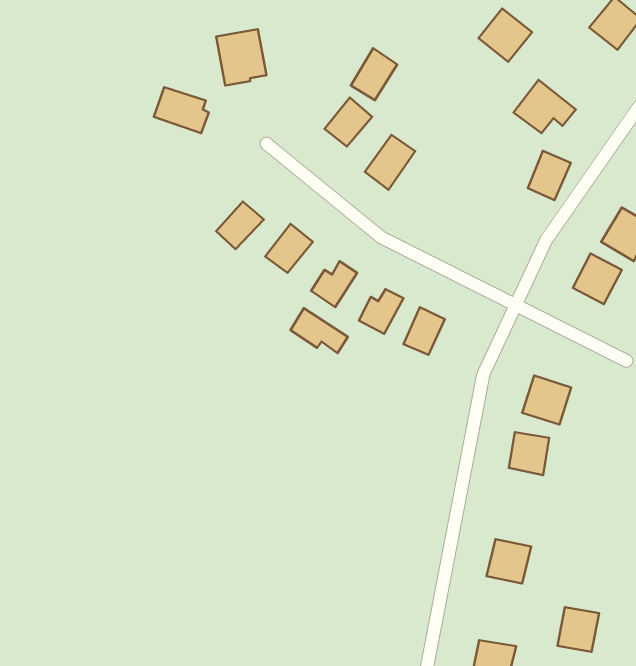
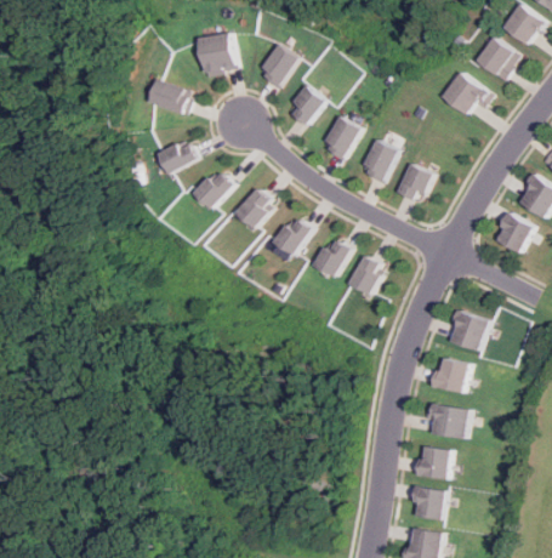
building: [479,8,532,62] -> [476,36,519,80]
building: [351,48,397,100] -> [258,42,296,85]
building: [528,151,571,200] -> [394,163,429,203]
building: none -> [160,138,201,175]
building: none -> [358,140,395,182]
building: [290,308,348,353] -> none
building: none -> [428,403,472,440]
building: [557,607,599,652] -> [412,485,446,522]

